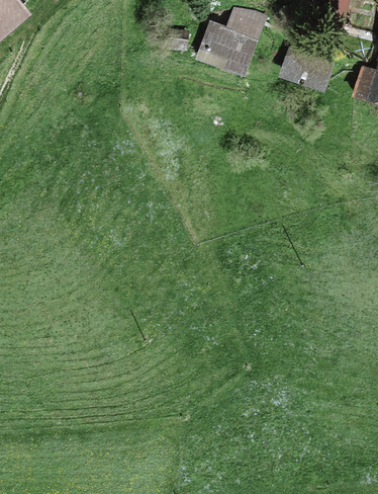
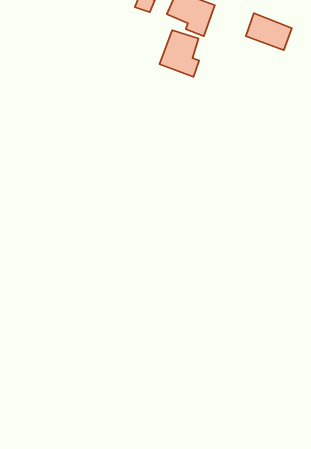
building: none -> [160,30,199,77]

